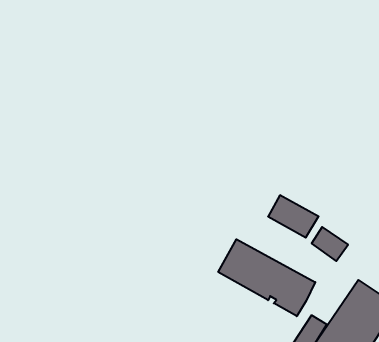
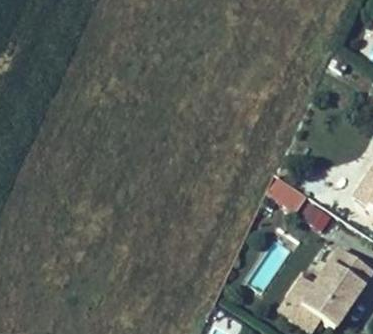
building: [218,239,315,316] -> none

